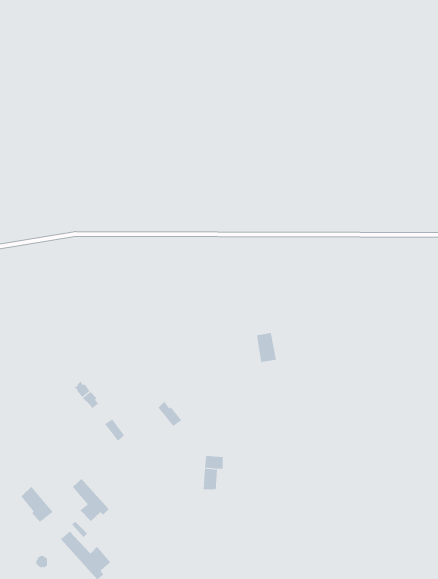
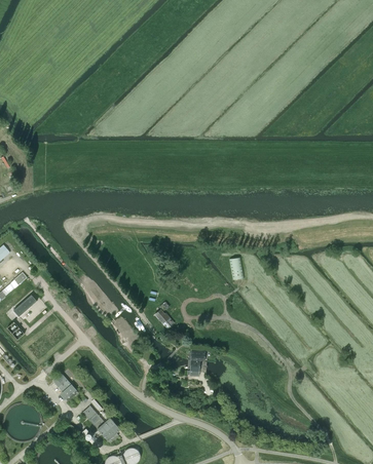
building: [72,478,109,522] -> none

